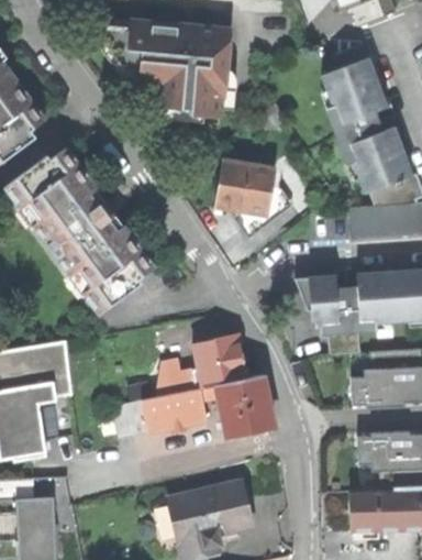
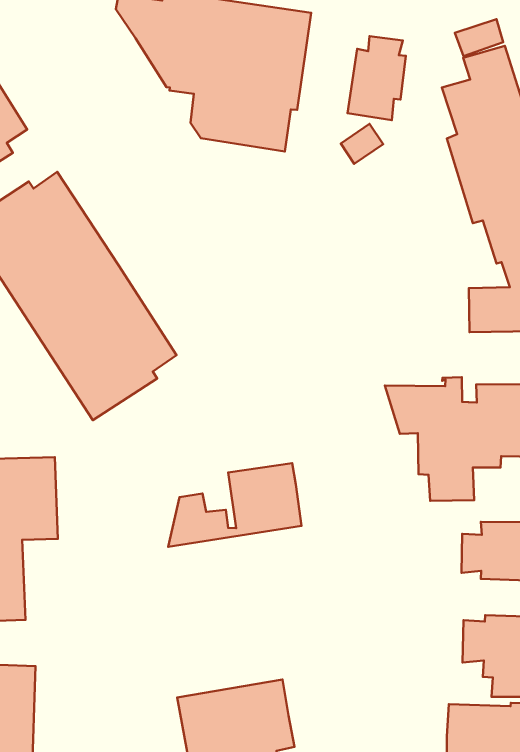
building: none -> [348,36,406,120]
building: [215,161,274,215] -> none
building: [113,373,275,437] -> none

